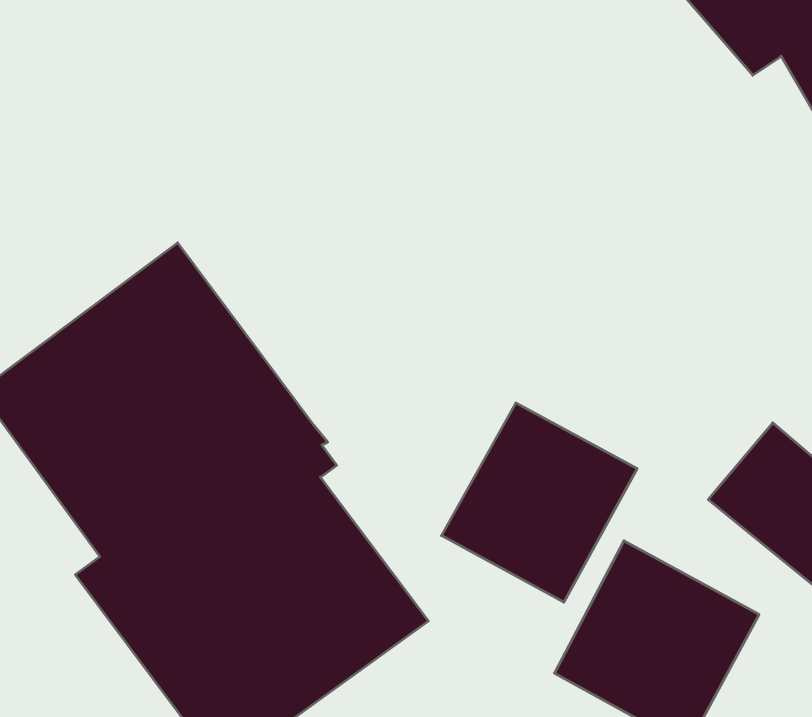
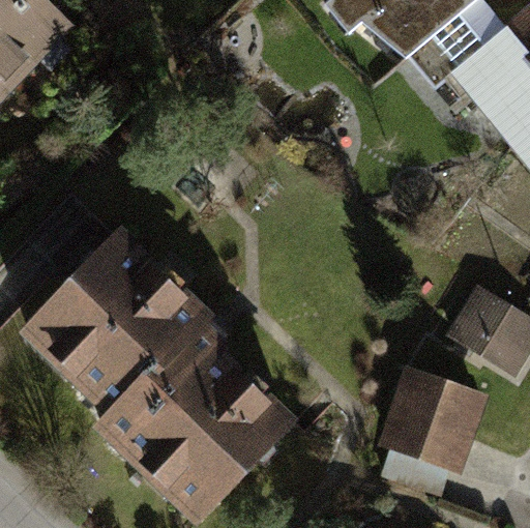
building: [441,403,637,602] -> none

